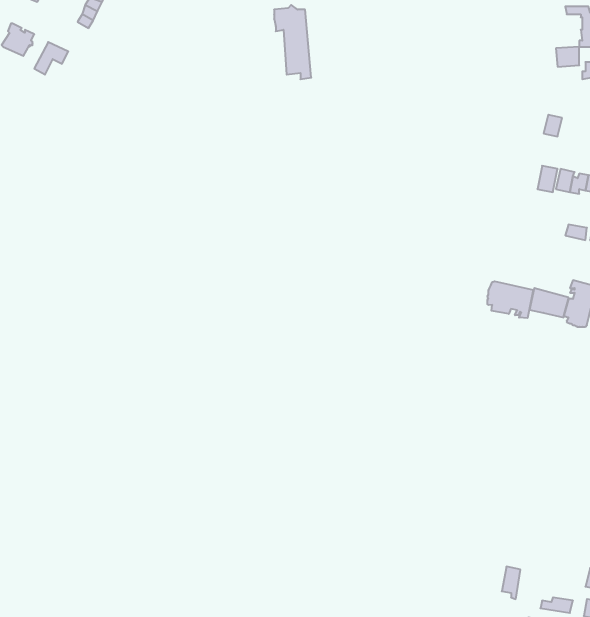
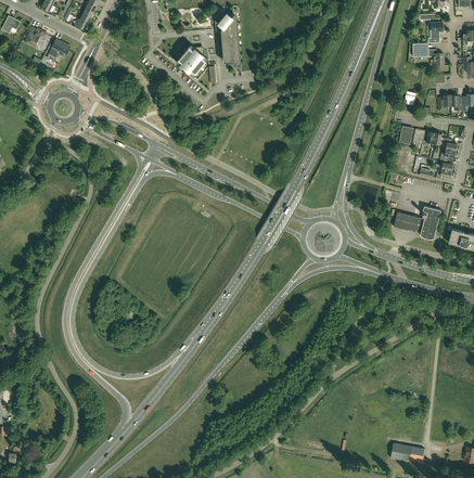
building: none -> [176,43,208,76]
building: [487,281,533,318] -> none

